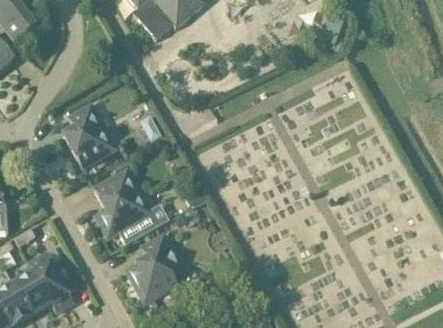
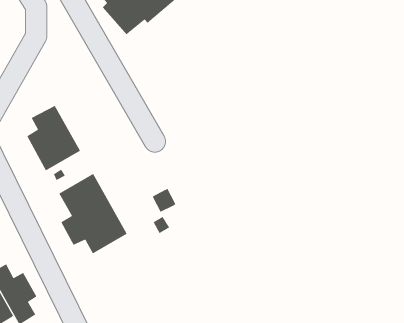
building: [125,235,182,303] -> none

